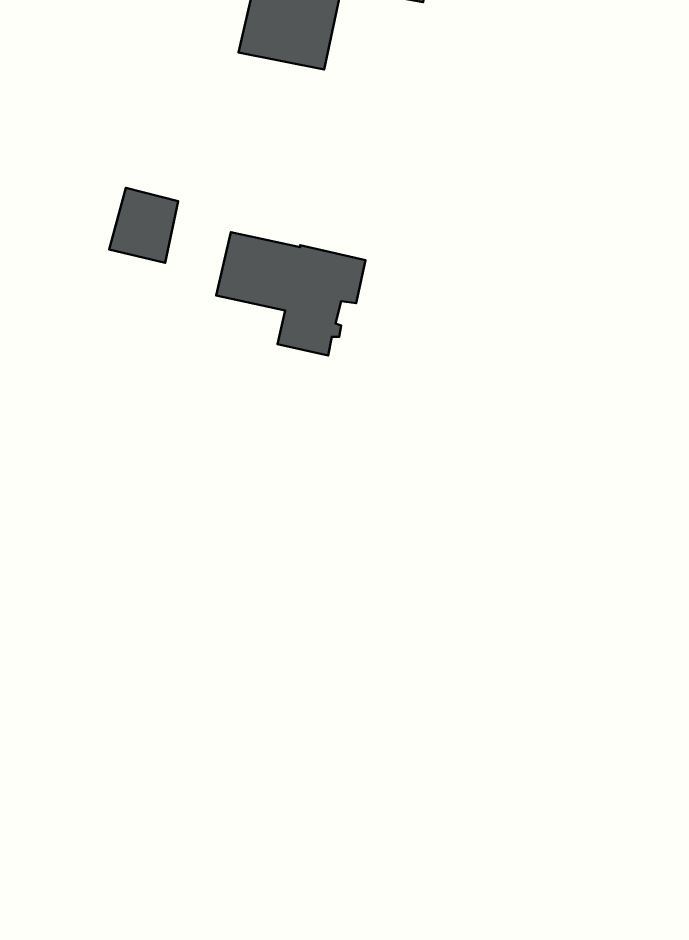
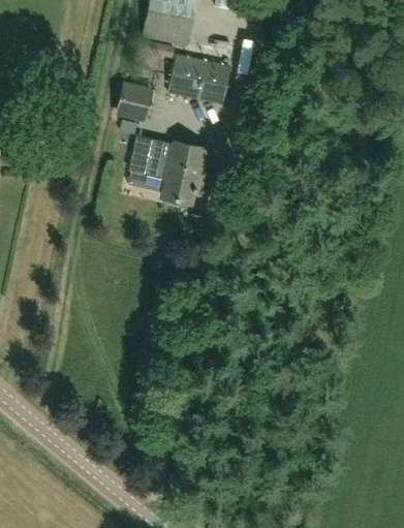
building: none -> [168,56,228,102]
building: [109,188,178,263] -> [114,79,152,120]

